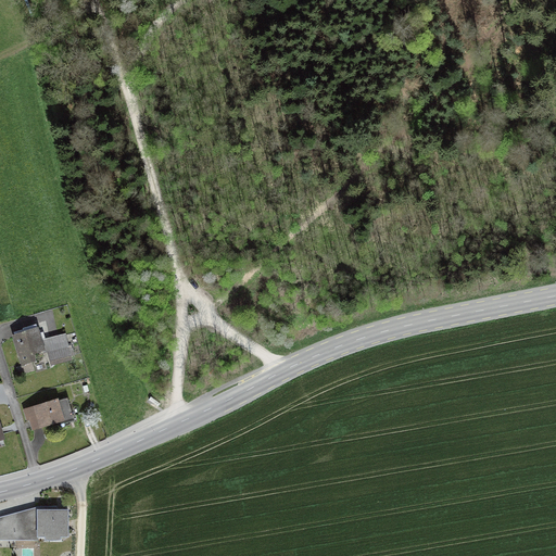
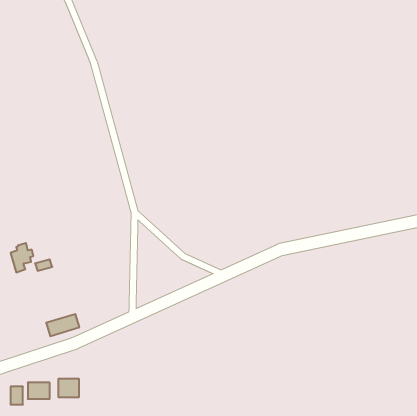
building: [27,397,72,427] -> [46,314,79,336]
building: none -> [59,379,79,397]

